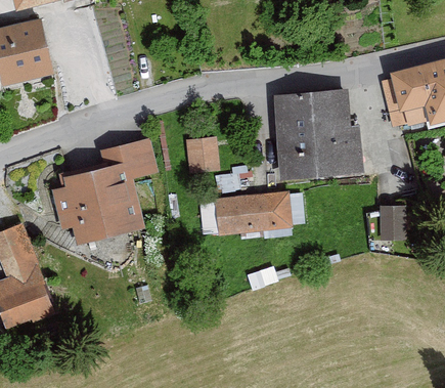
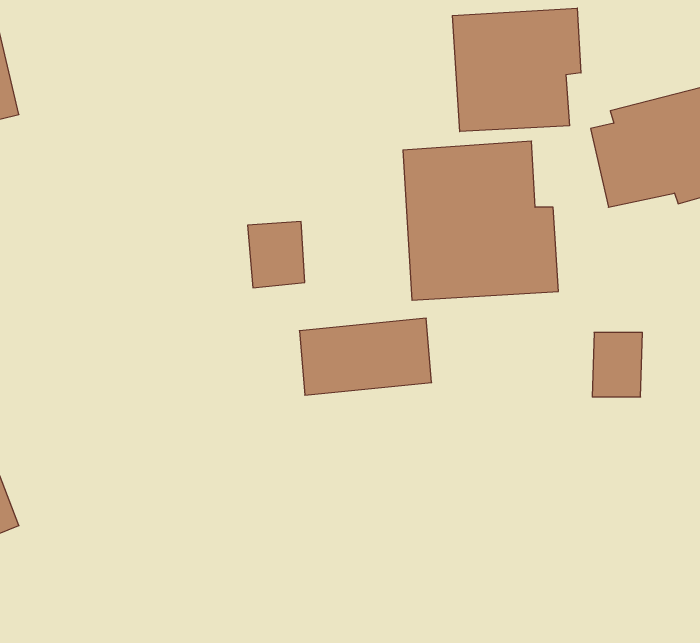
building: none -> [452,8,581,132]
building: [51,139,154,245] -> none

